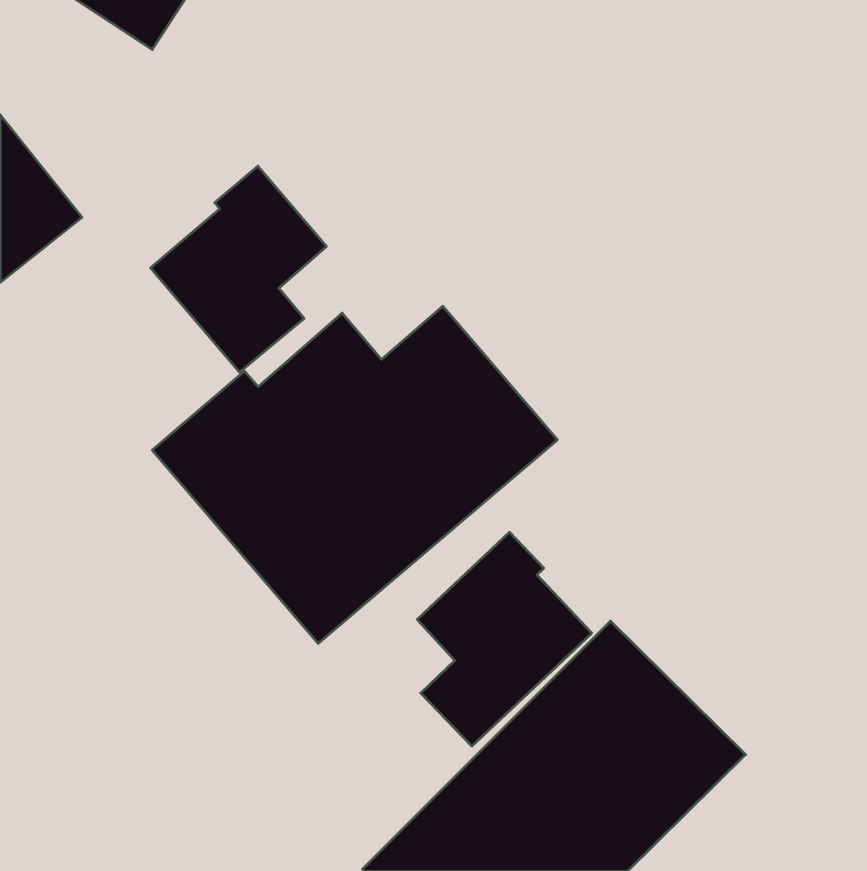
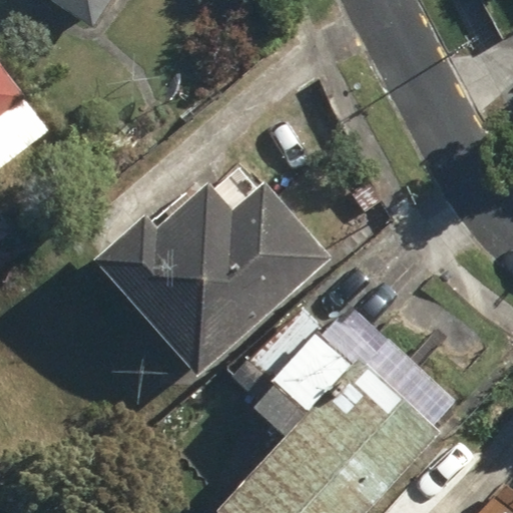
building: [151,166,326,372] -> none

